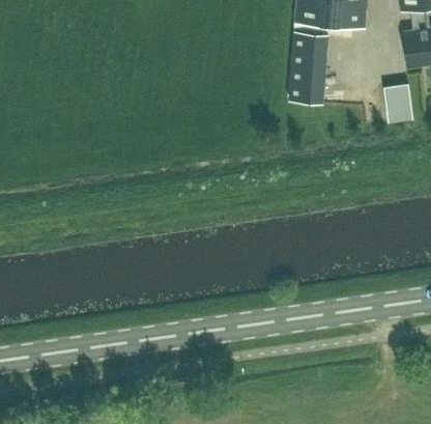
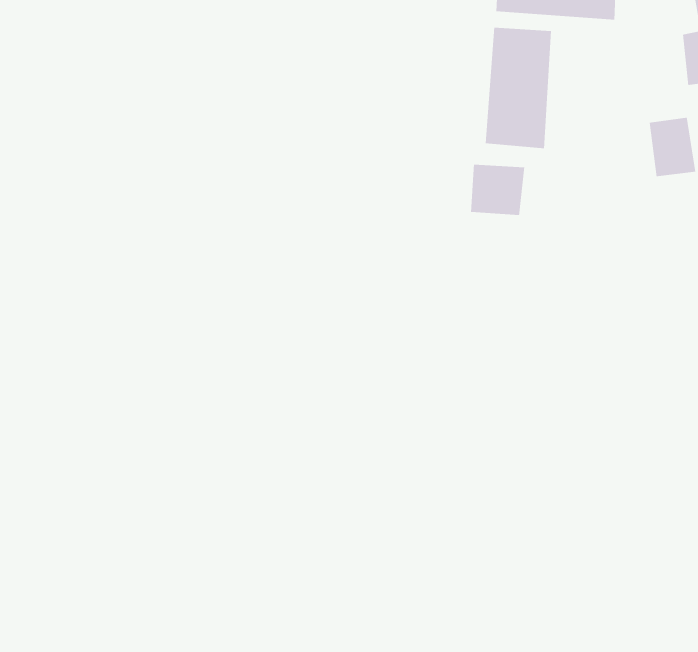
building: none -> [470,164,525,216]

